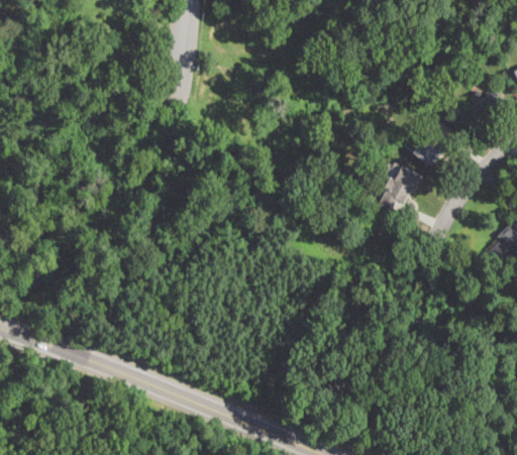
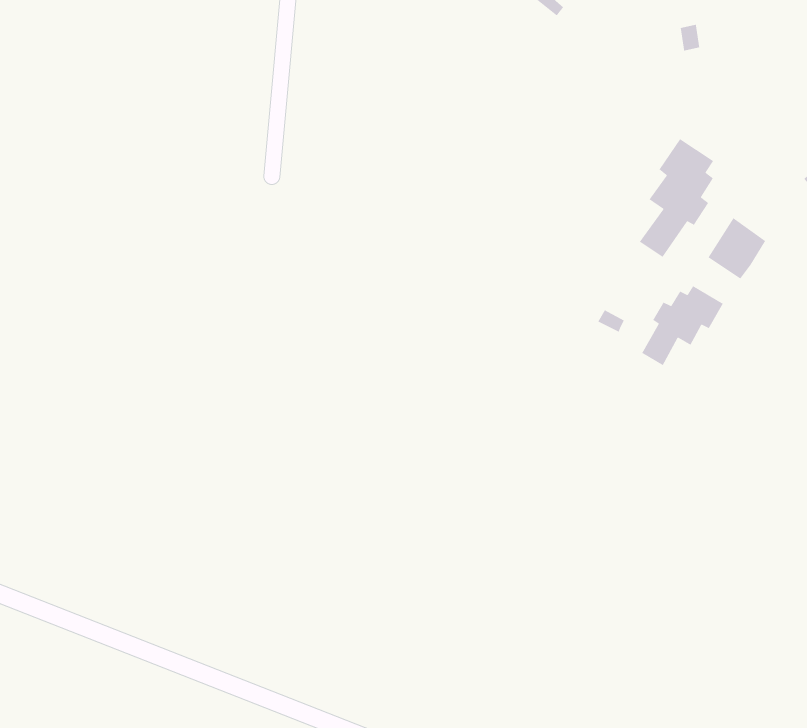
building: none -> [639,138,714,258]

